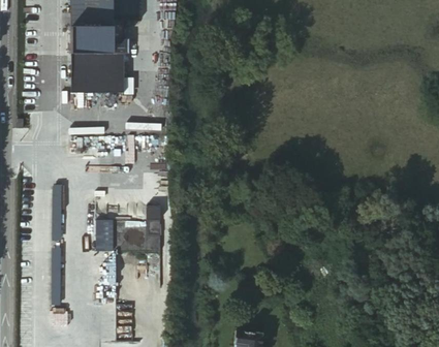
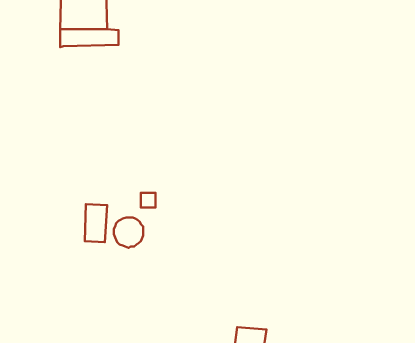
building: [70,68,125,93] -> none

